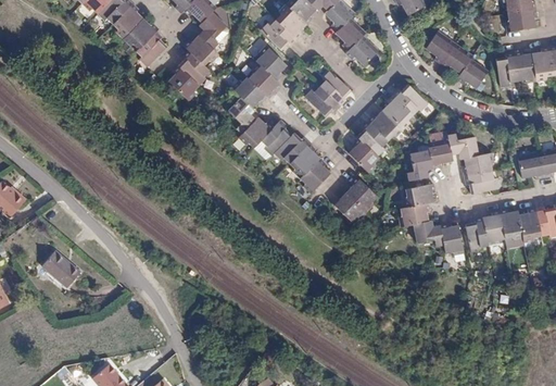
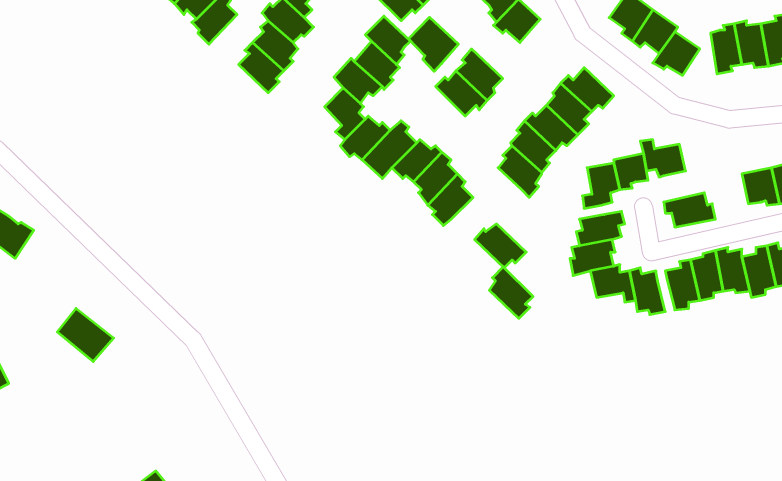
building: none -> [408,17,458,71]
building: [462,152,494,176] -> none
building: [348,175,378,211] -> [489,267,533,318]

